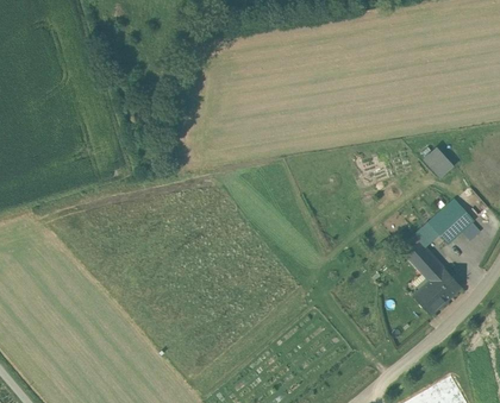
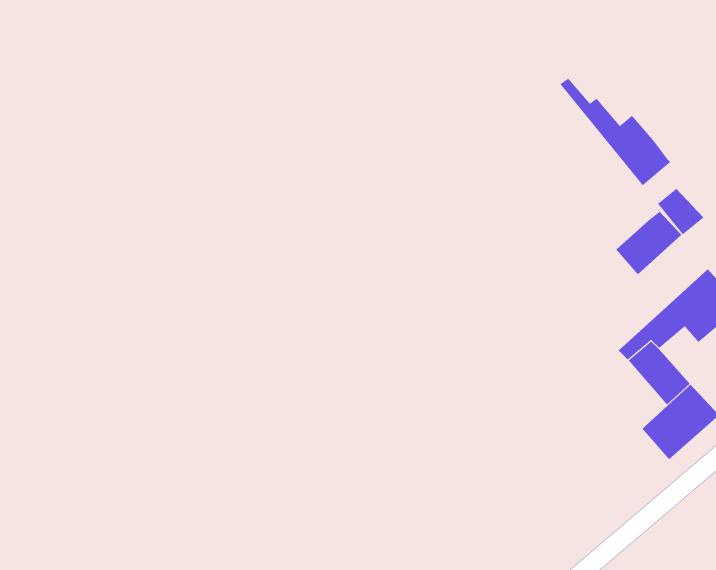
building: none -> [560,78,671,186]
building: none -> [615,211,682,275]

